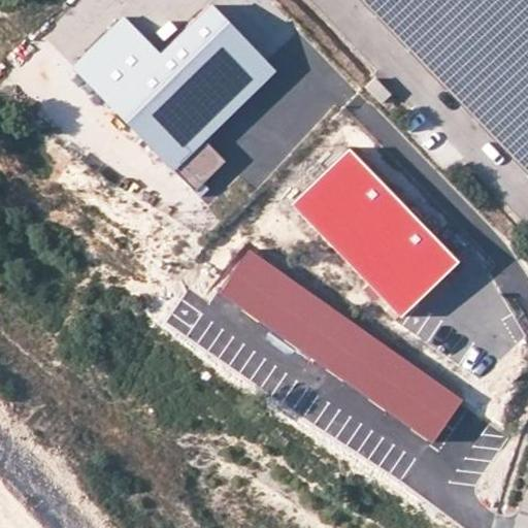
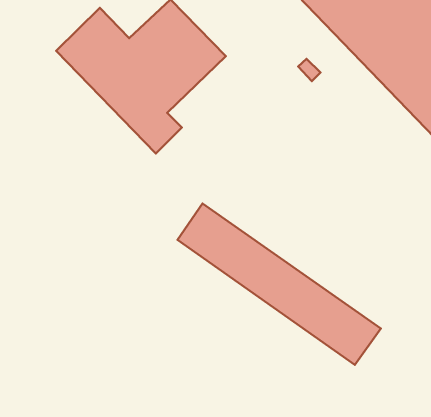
building: [290,147,457,316] -> none

